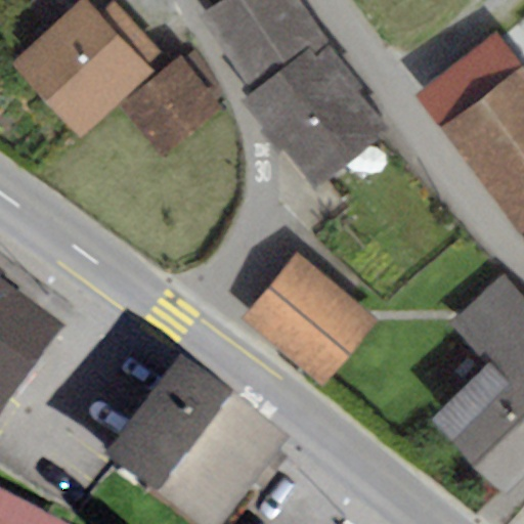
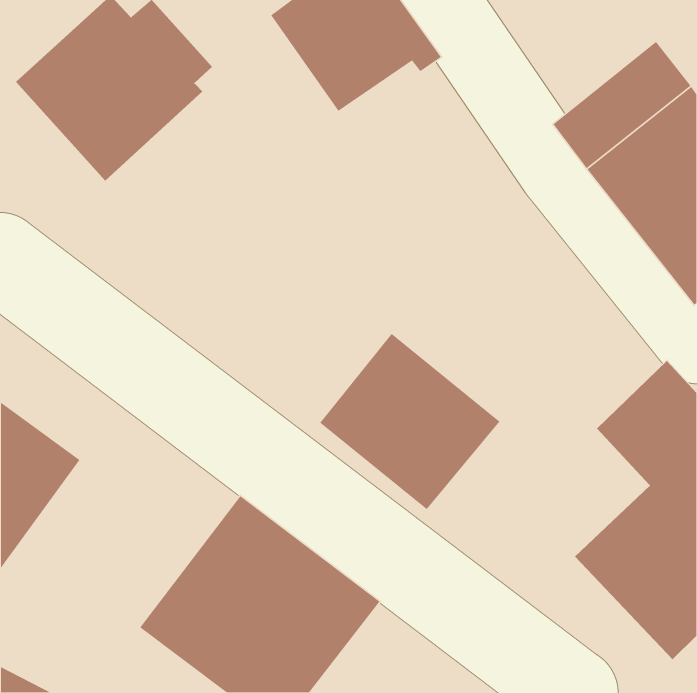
building: [243,43,387,184] -> none
building: [121,46,225,151] -> none

